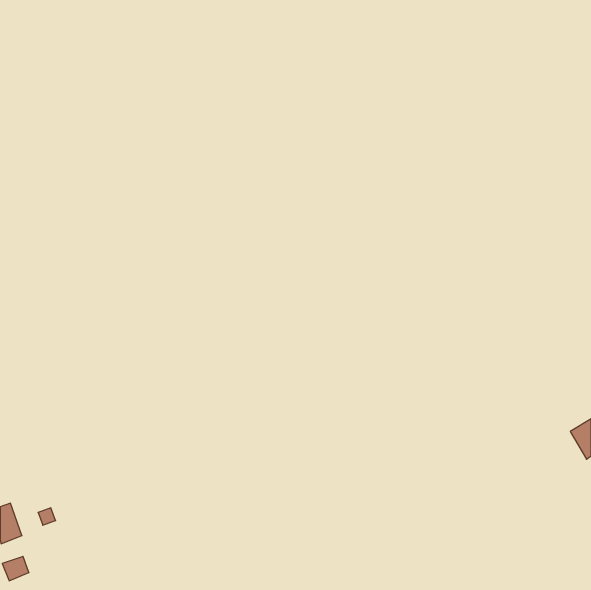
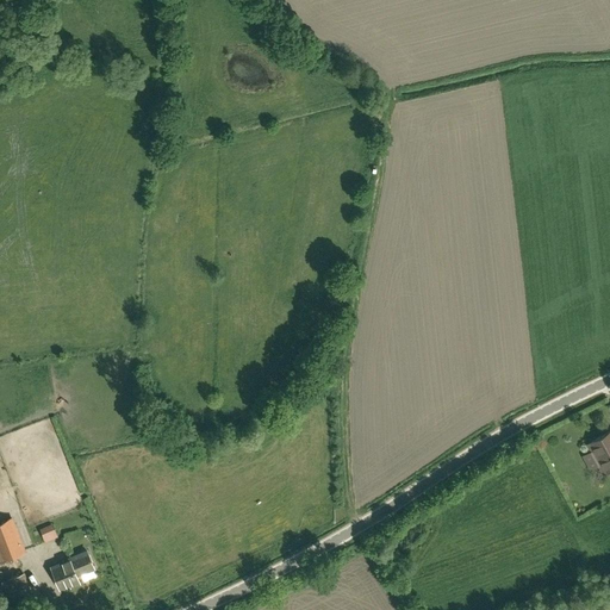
building: none -> [51,552,94,589]

